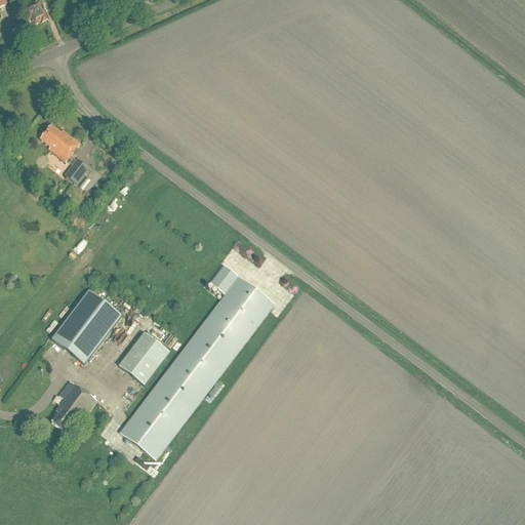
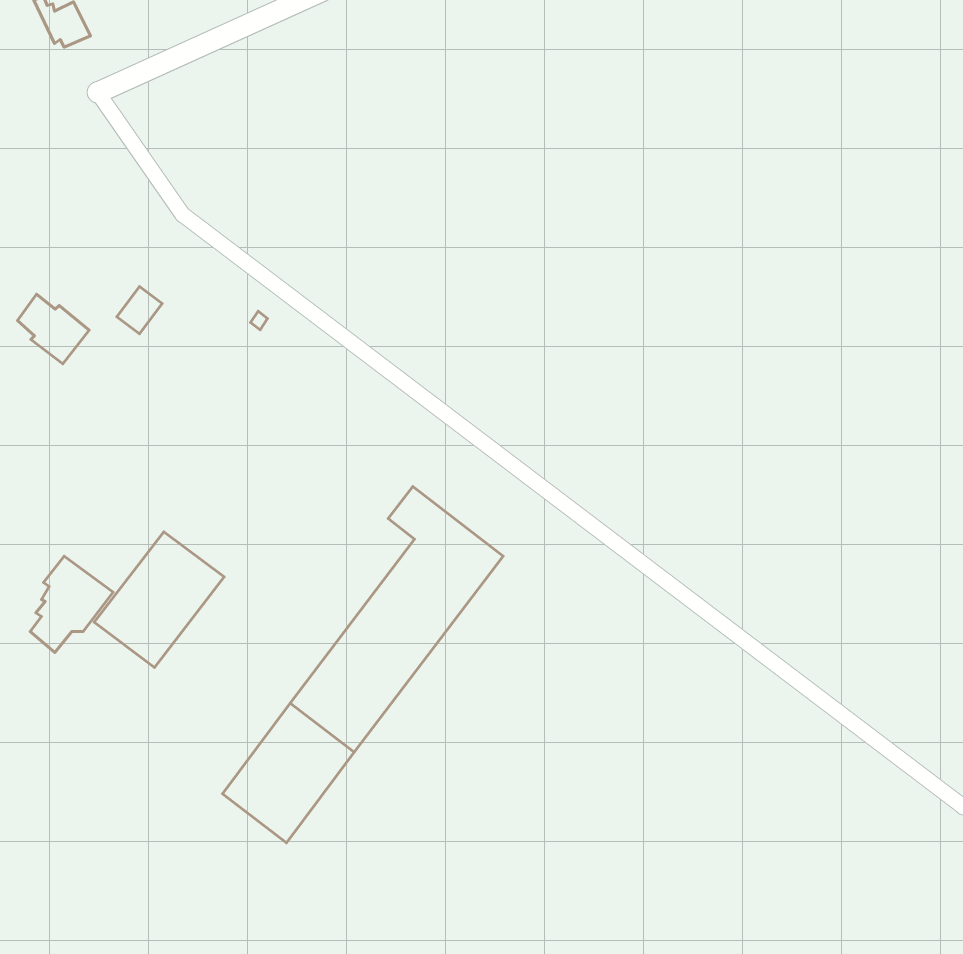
building: [40,123,79,161] -> [18,294,89,364]
building: [119,331,169,383] -> none
building: [52,380,97,433] -> [30,556,113,652]

